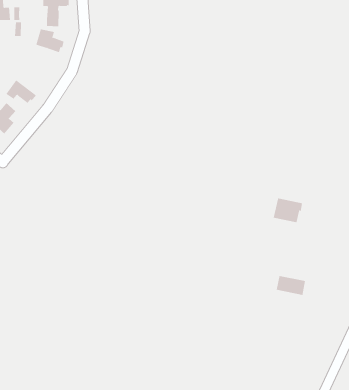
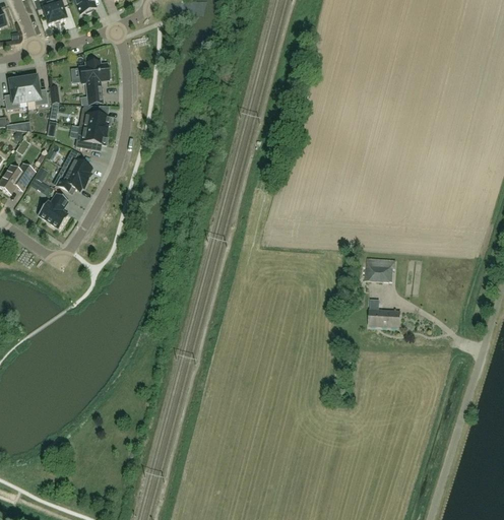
building: none -> [74,126,107,149]
building: none -> [62,149,91,181]
building: [276,275,306,295] -> [368,309,399,327]

